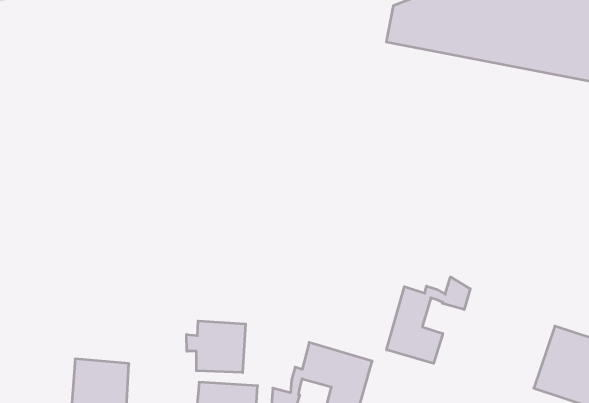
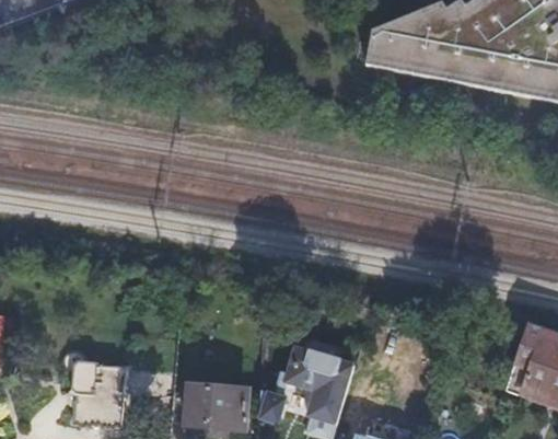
building: [387,277,470,363] -> none
building: [187,321,246,373] -> none

